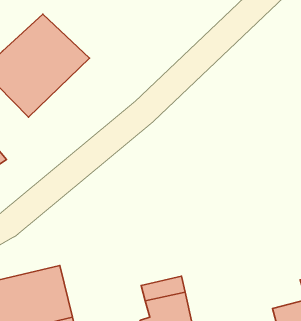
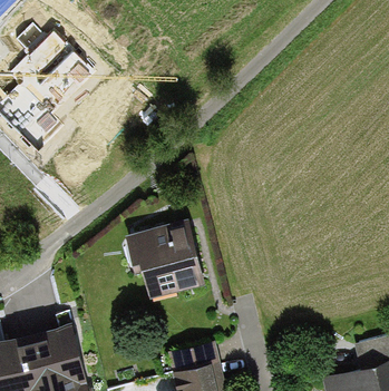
building: none -> [125,222,203,301]

